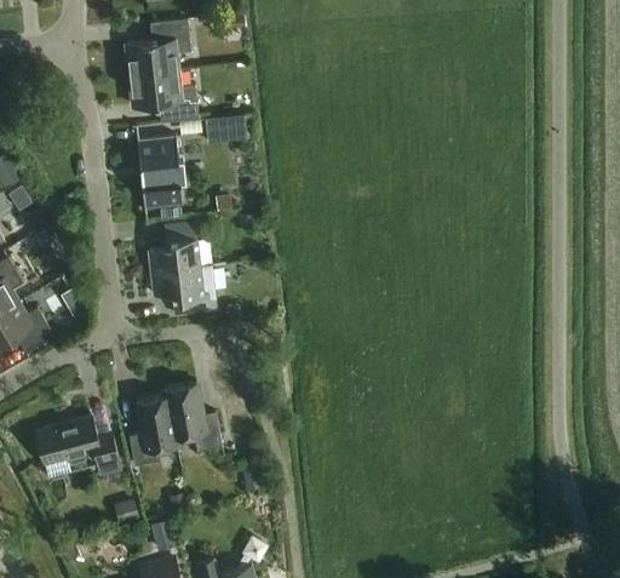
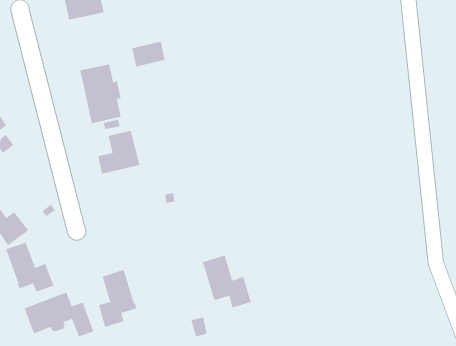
building: [130,70,197,122] -> none
building: [150,265,216,315] -> none
building: none -> [5,242,54,292]
building: [165,383,222,451] -> [202,255,252,308]

